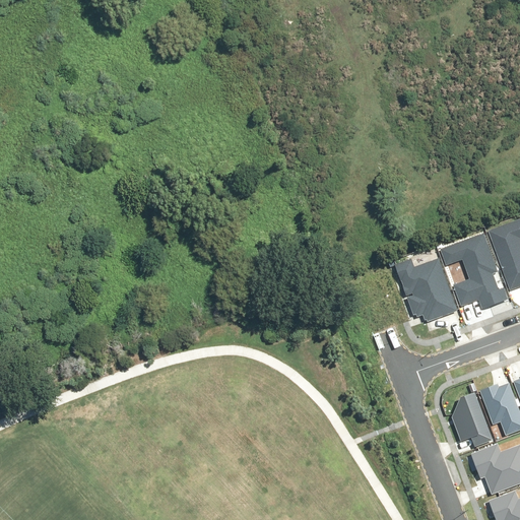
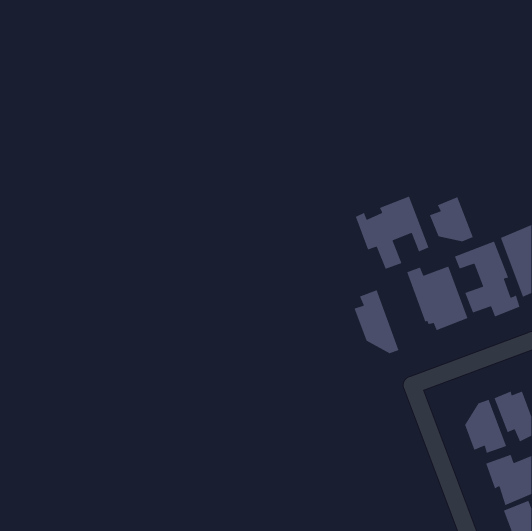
building: none -> [355,195,430,270]
building: none -> [429,196,474,242]
building: none -> [353,289,400,354]

